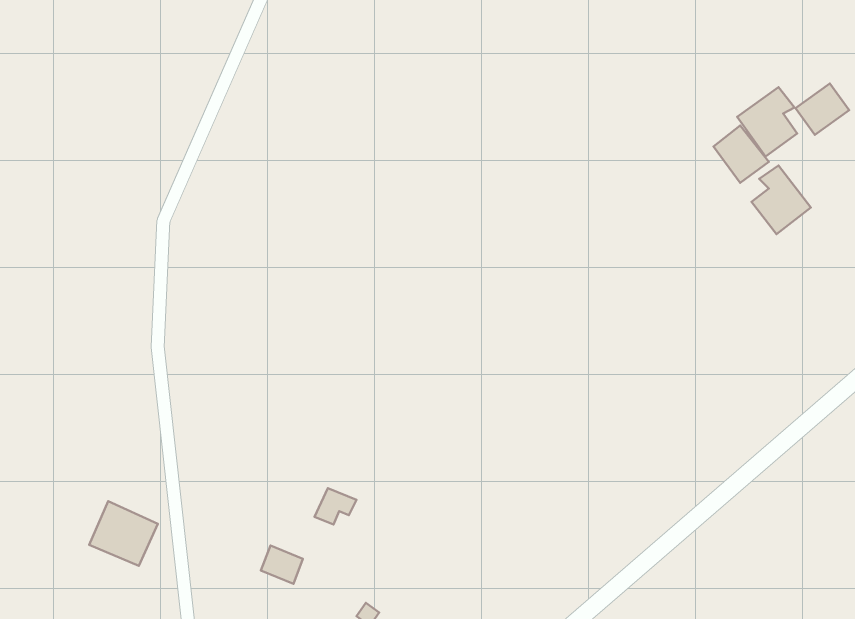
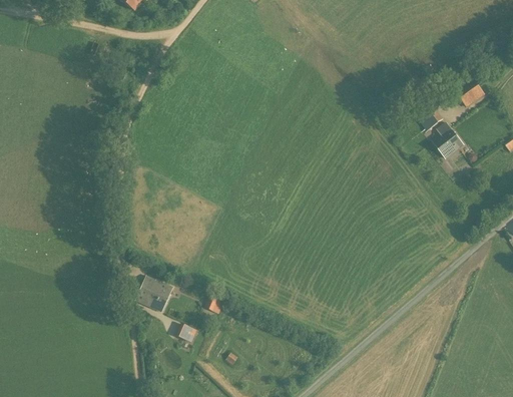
building: [737,87,797,156] -> none
building: [89,501,158,566] -> [136,277,172,311]

